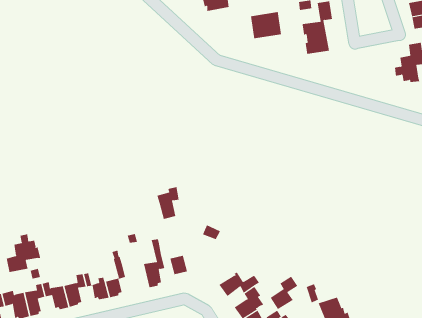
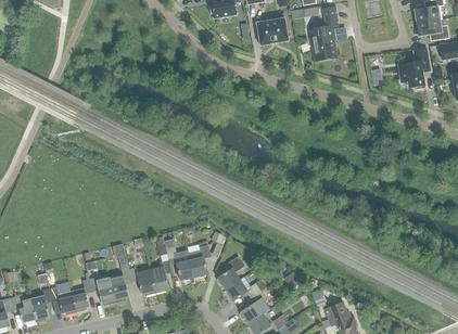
building: [157,187,179,219] -> [188,243,211,275]
building: [6,233,41,273] -> none
building: none -> [129,267,155,295]
building: [270,276,298,310] -> [217,255,245,288]

